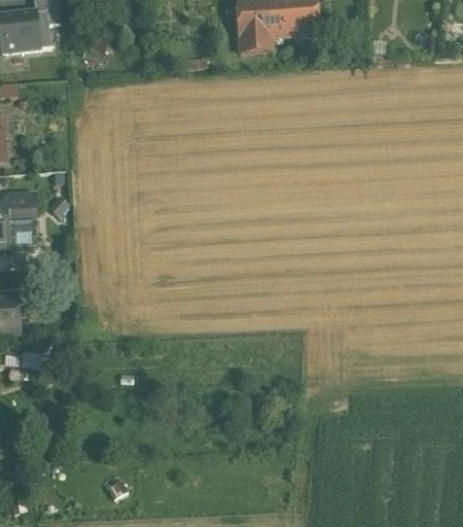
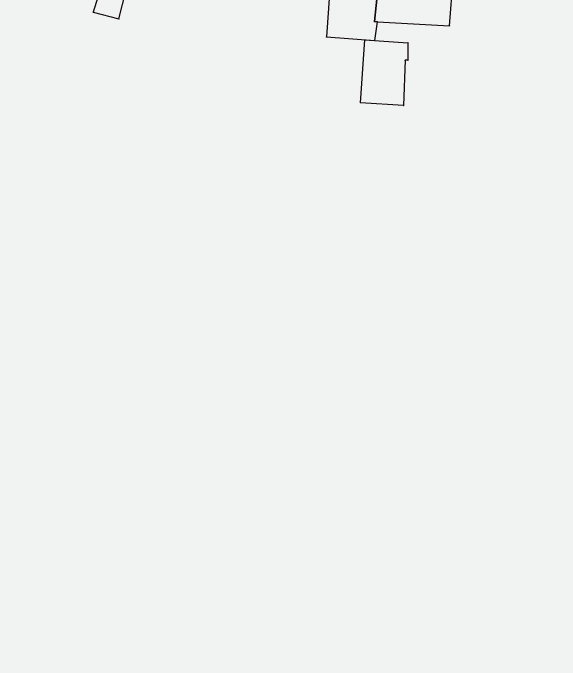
building: none -> [360,40,408,106]

